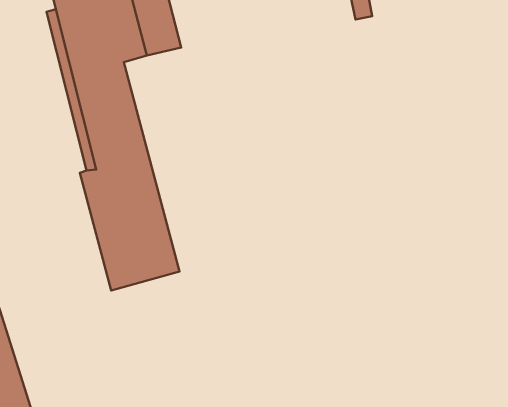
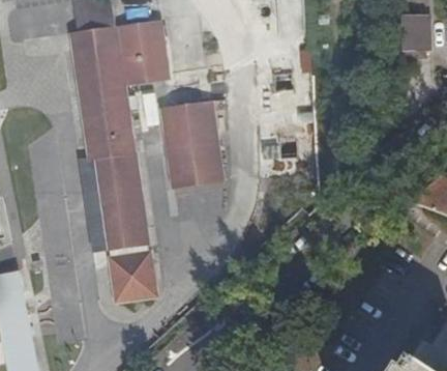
building: none -> [165,103,225,184]
building: none -> [111,251,158,301]

